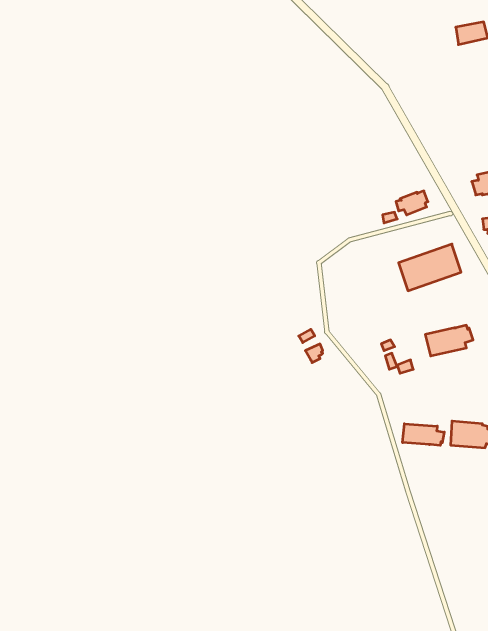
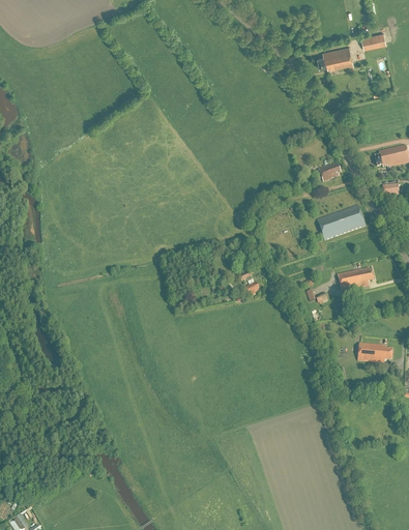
building: none -> [317,43,353,67]
building: [403,424,444,445] -> none

